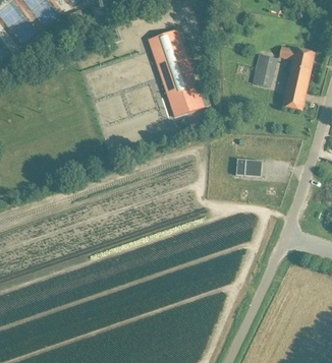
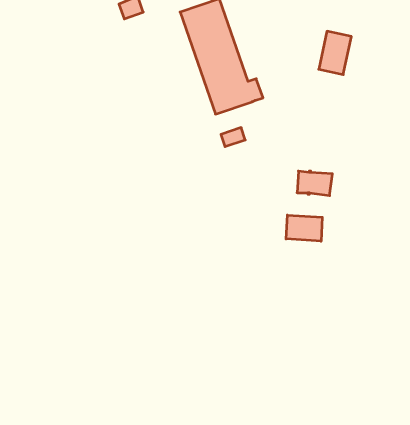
building: [280,47,316,110] -> none
building: none -> [286,215,322,241]

